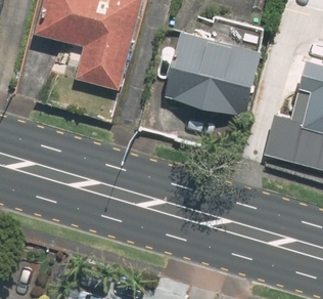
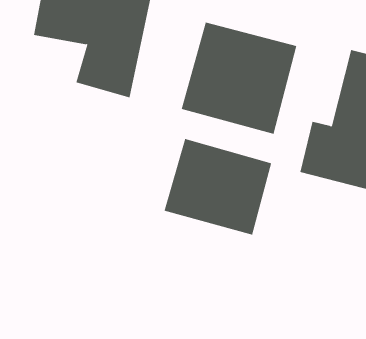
building: none -> [164,138,272,235]

